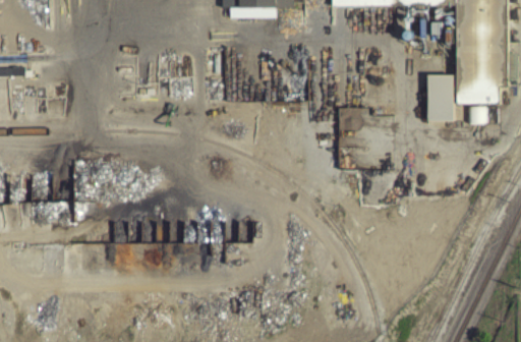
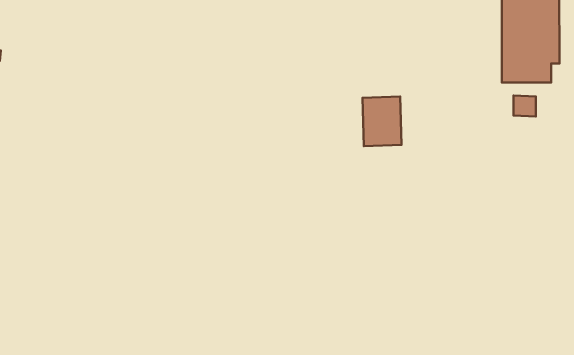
building: [425,79,453,126] -> none

